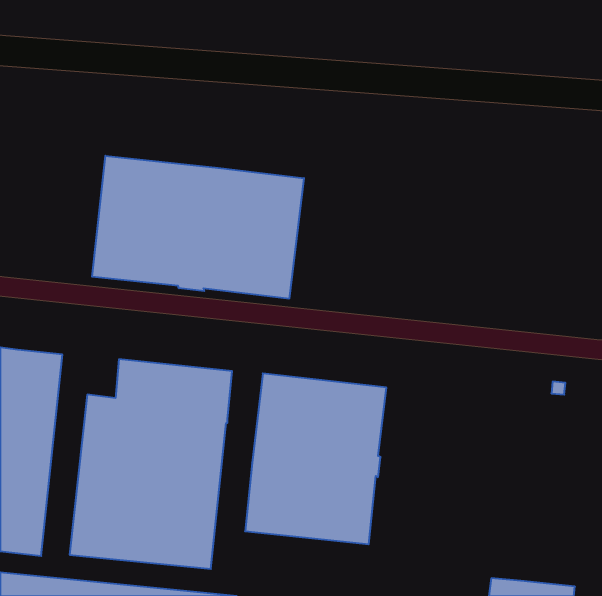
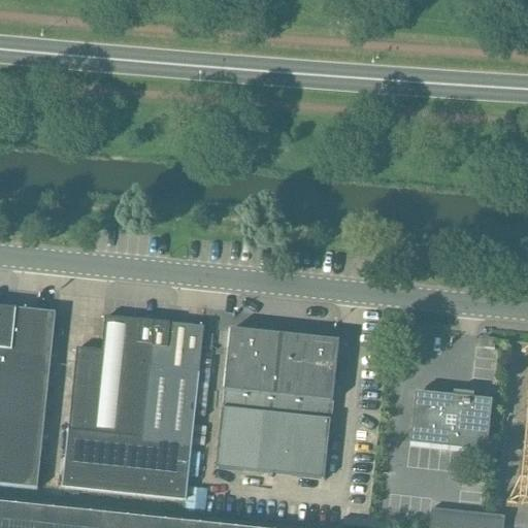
building: [92,156,304,299] -> none
building: none -> [409,390,491,451]

